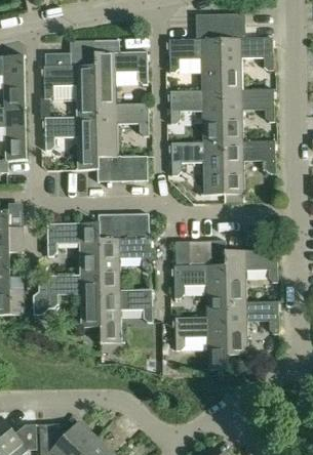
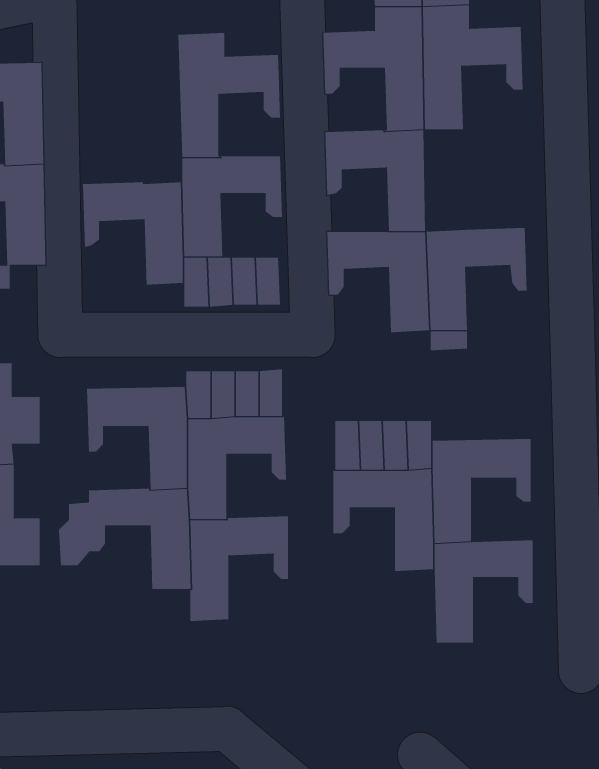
building: [44,41,96,118] -> none
building: [222,89,274,142] -> none
building: [175,317,228,369] -> none

